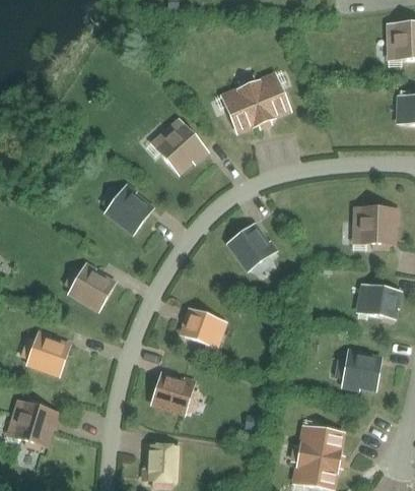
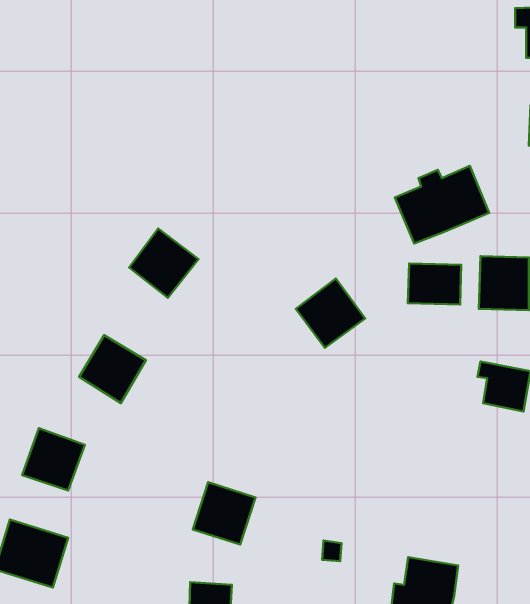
building: [222,76,291,133] -> [395,166,489,243]
building: [154,116,207,175] -> none
building: none -> [408,264,461,304]
building: [184,309,227,345] -> none
building: [341,349,382,390] -> none

